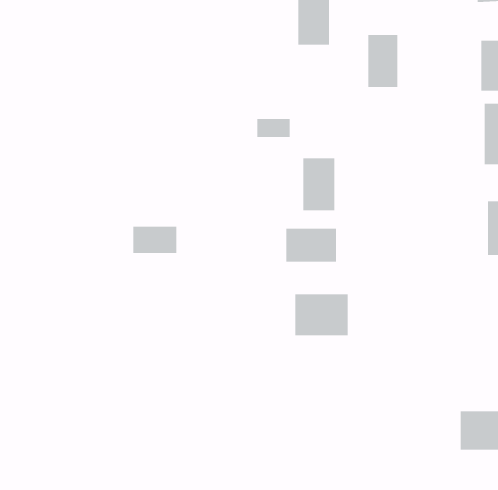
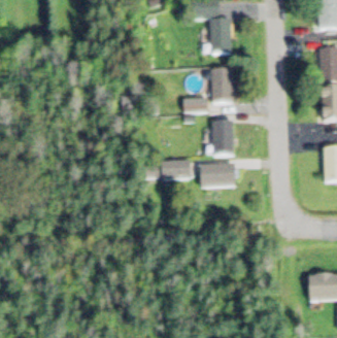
building: [367,35,398,88] -> [211,71,230,103]
building: [133,226,177,253] -> [164,158,191,174]
building: [295,293,348,336] -> none

